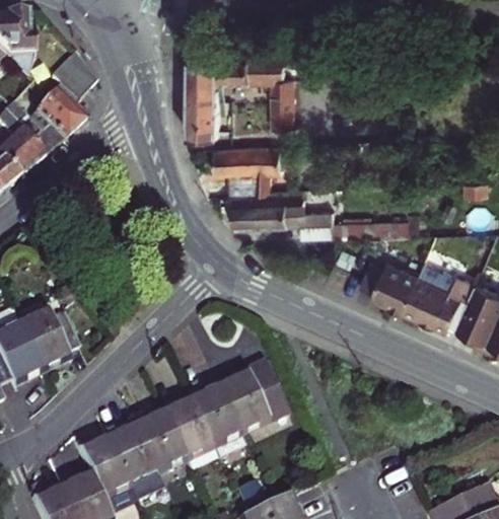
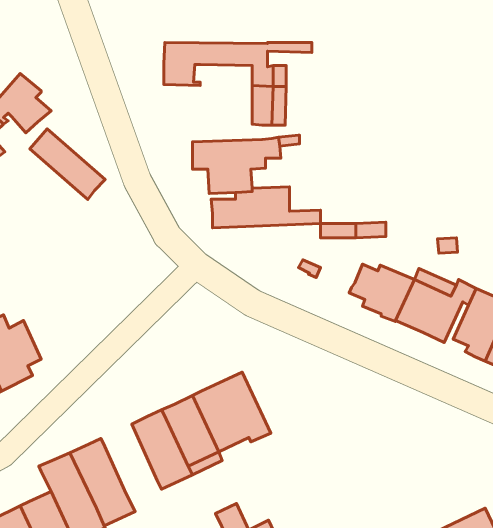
building: [48,54,94,102] -> none
building: [188,96,224,137] -> none
building: none -> [30,129,105,200]
building: [131,409,183,472] -> none

